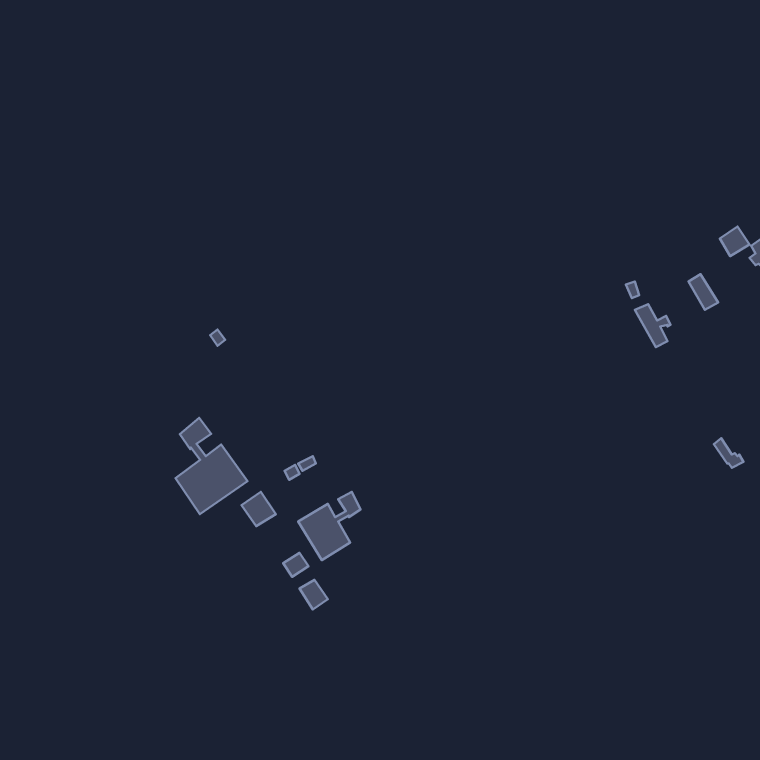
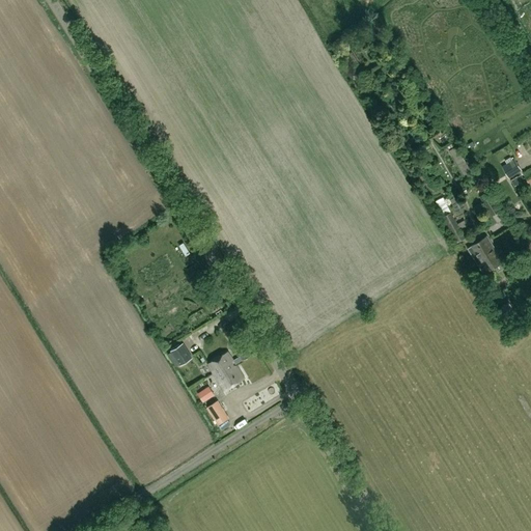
building: none -> [469,236,503,273]
building: [176,418,247,514] -> none

